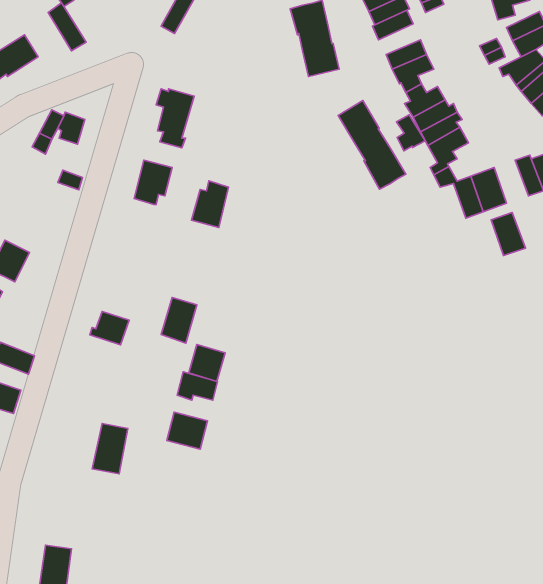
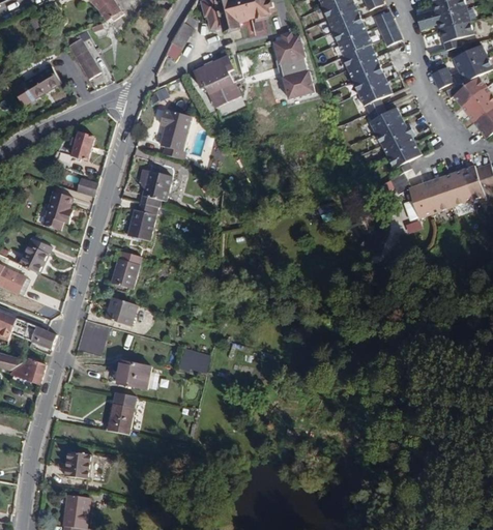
building: none -> [192,54,239,107]
building: none -> [347,55,382,81]
building: [338,101,406,189] -> none
building: [396,115,425,151] -> none
building: [192,181,229,228] -> [126,202,157,241]
building: none -> [45,189,74,230]
building: [491,212,526,255] -> [444,170,473,206]
building: [161,298,197,343] -> [111,251,141,289]
building: none -> [79,321,109,354]
building: [189,344,225,381] -> none
building: [167,412,207,449] -> [117,357,151,388]
building: none -> [63,450,90,478]

